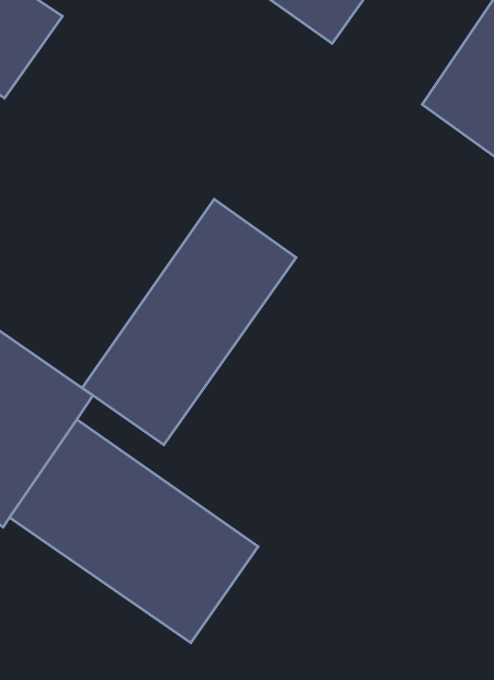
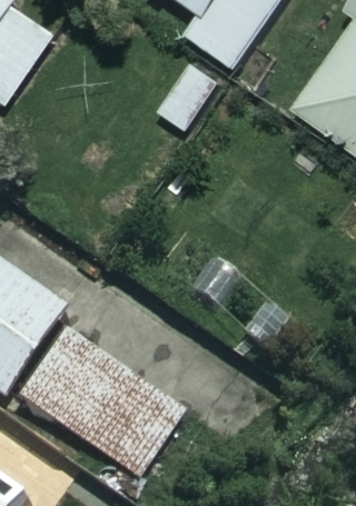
building: [82,199,296,445] -> none

